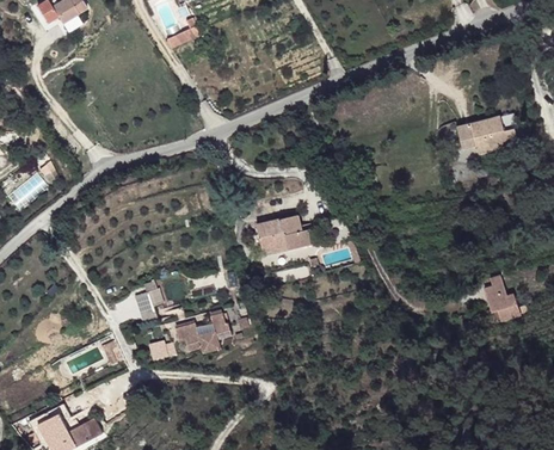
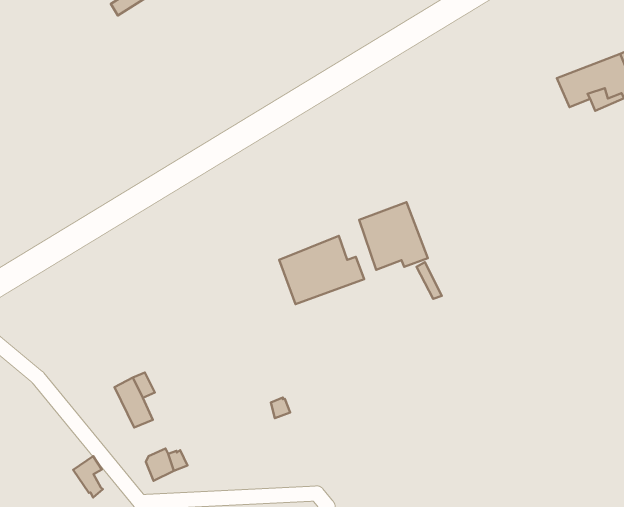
building: none -> [359,202,428,270]
building: [174,312,232,352] -> none

